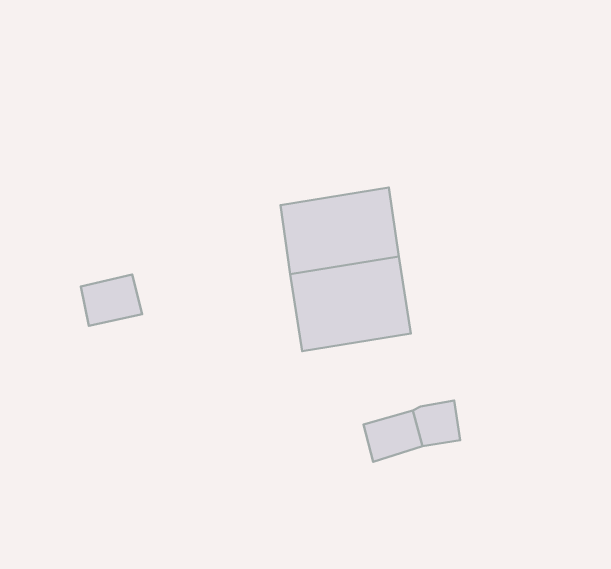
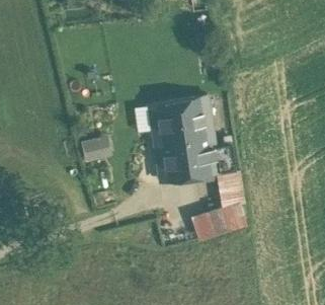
building: [81,275,142,326] -> [82,134,113,160]
building: none -> [217,174,246,210]

